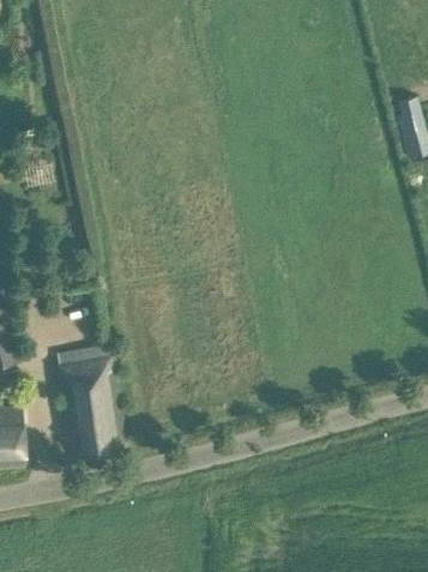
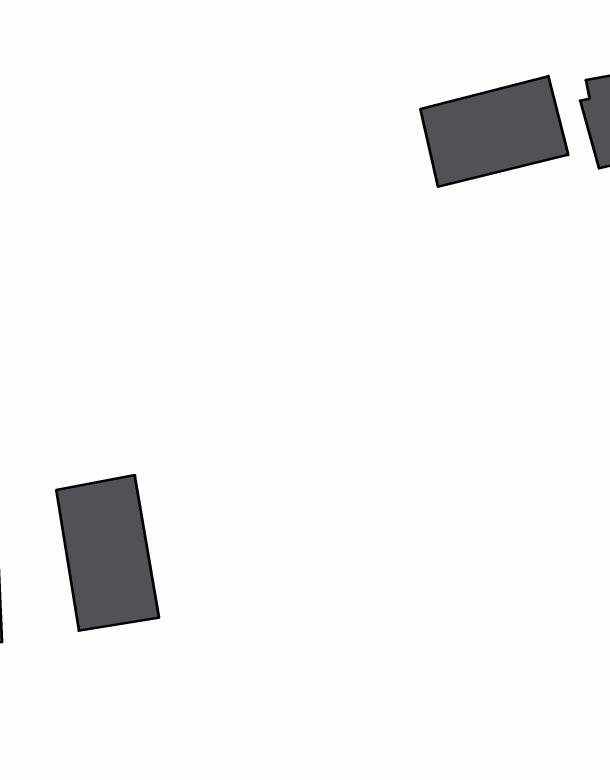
building: none -> [421,76,568,187]

